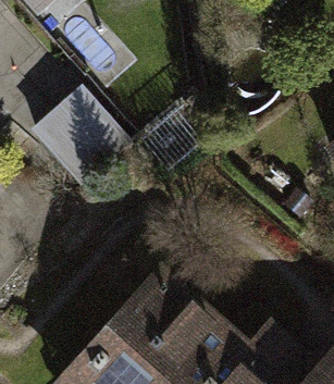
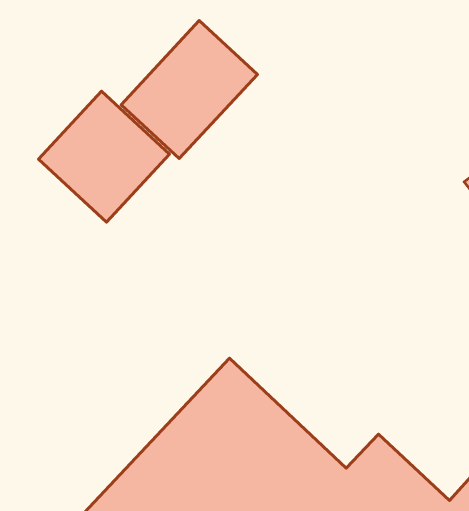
building: none -> [121,21,257,159]

